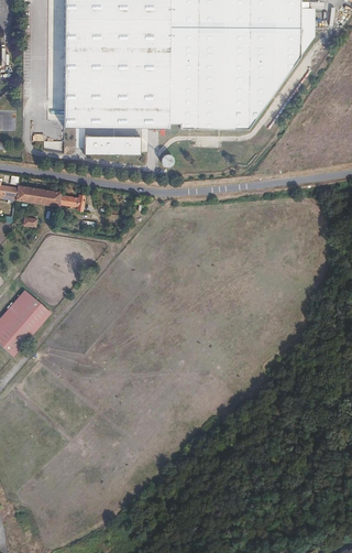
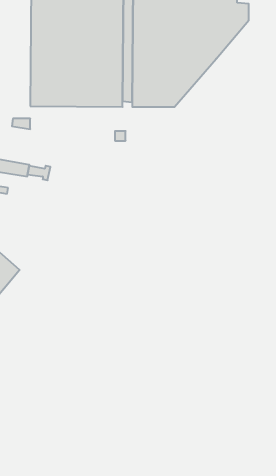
building: [228,28,312,128] -> none
building: [84,134,140,154] -> none

